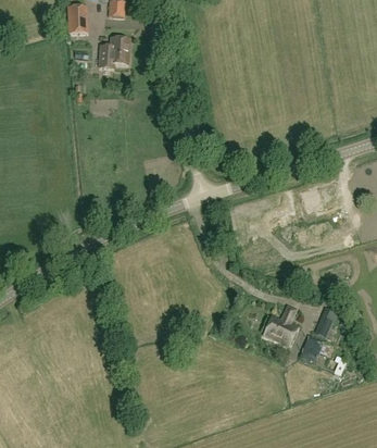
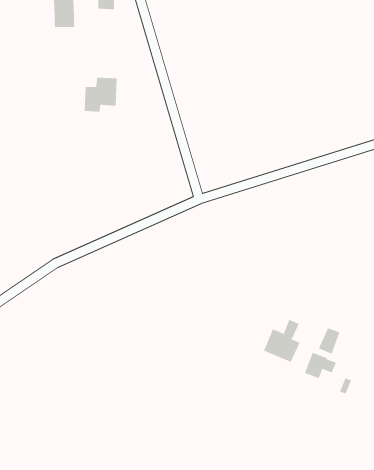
building: [99,36,130,69] -> [84,77,118,112]

